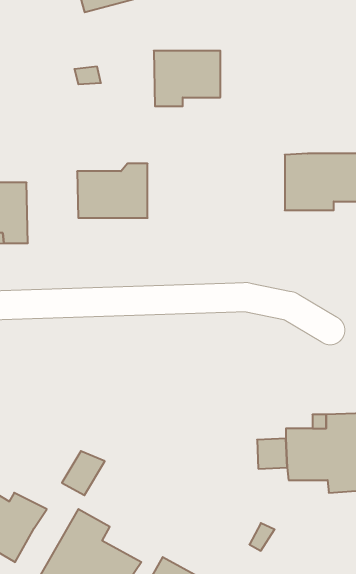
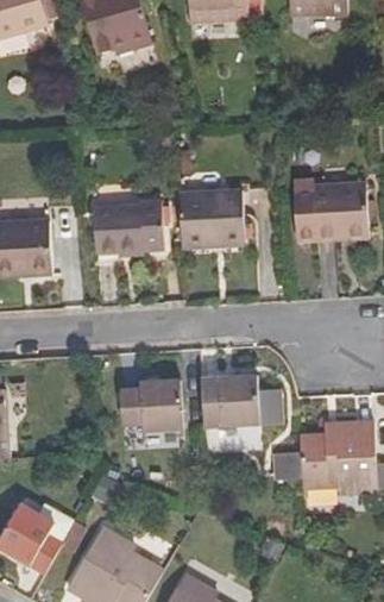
building: [154,51,220,106] -> [183,193,246,245]
building: none -> [201,376,267,427]
building: none -> [114,378,178,441]

